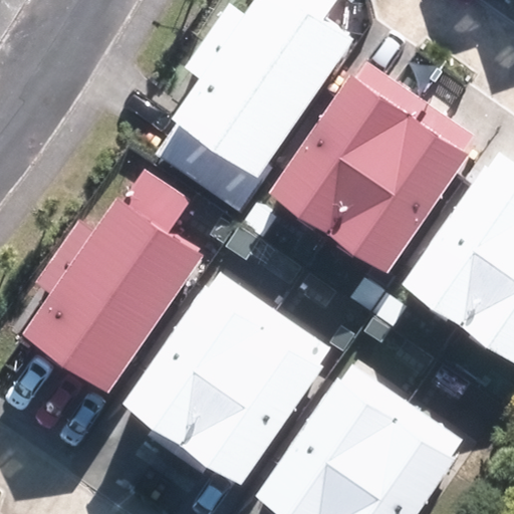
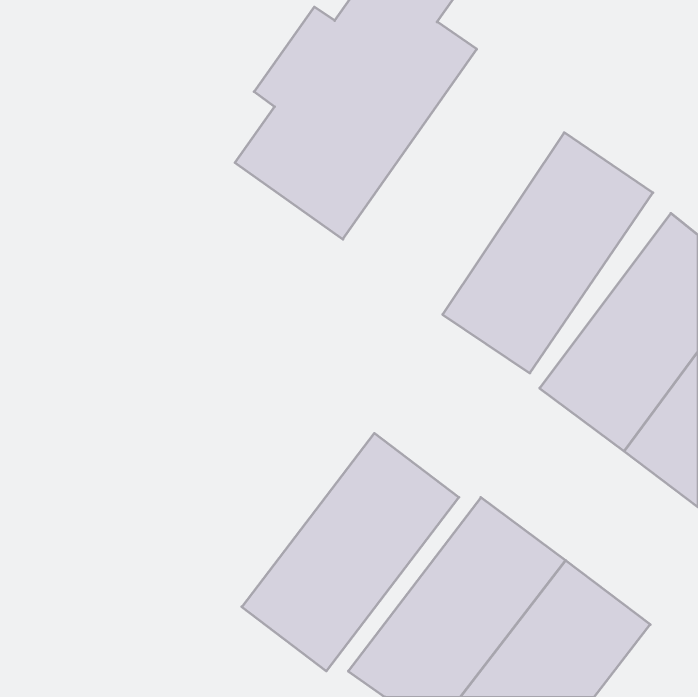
building: [271,61,415,231] -> none
building: [24,169,200,392] -> none
building: [115,271,275,446] -> none

